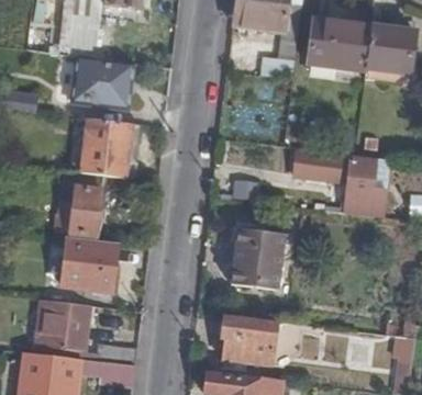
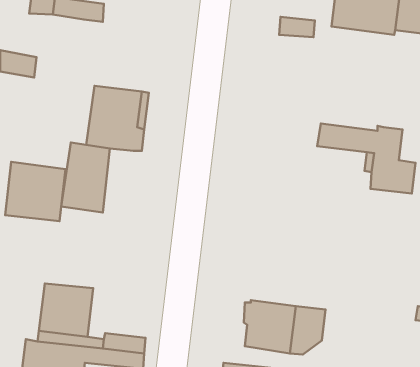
building: [74,56,134,99] -> none
building: [232,229,285,290] -> none
building: [60,236,116,291] -> [5,162,66,221]

